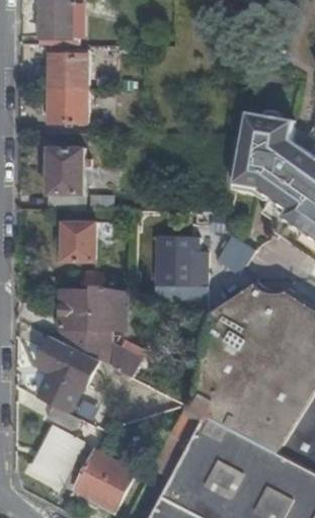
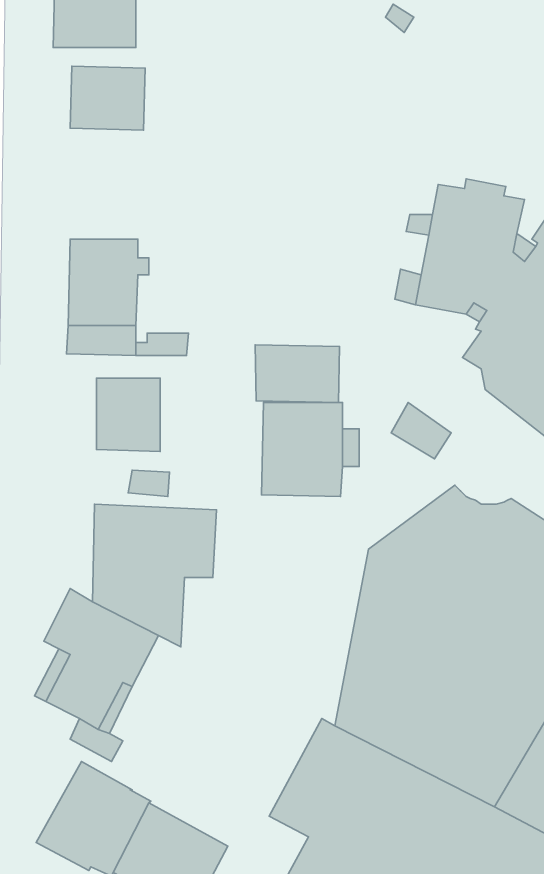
building: [48,88,88,121] -> none
building: none -> [255,345,340,403]
building: [109,337,145,373] -> none

